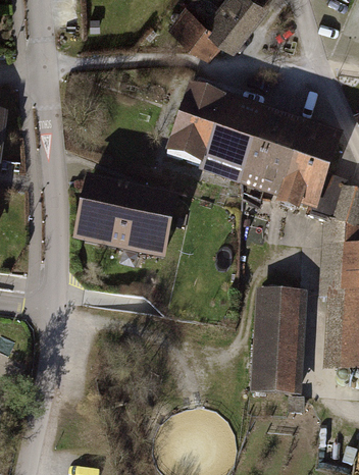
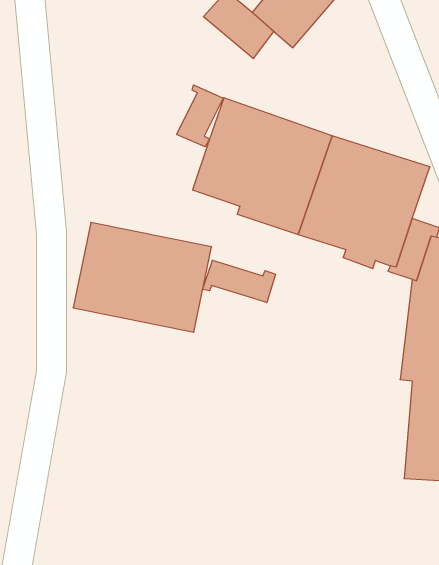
building: none -> [177,85,223,147]
building: none -> [203,260,276,303]
building: [252,286,307,391] -> none

